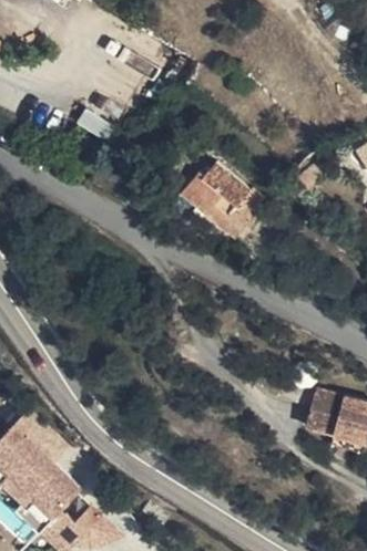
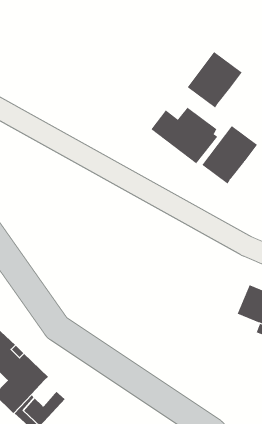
building: none -> [187,51,243,109]
building: none -> [202,125,258,184]

